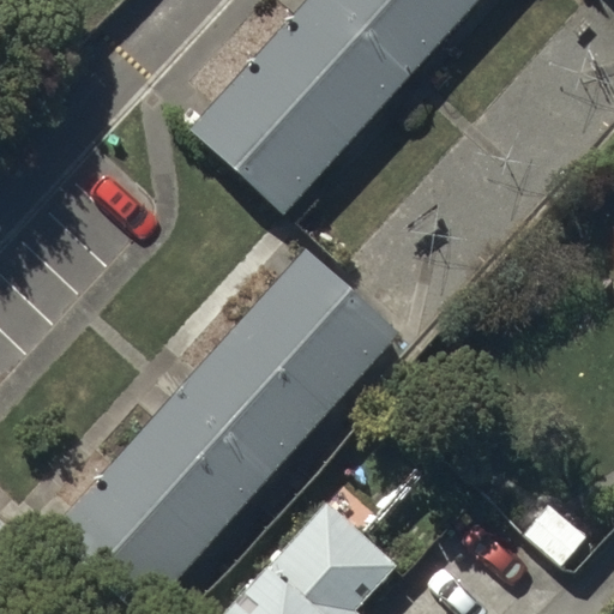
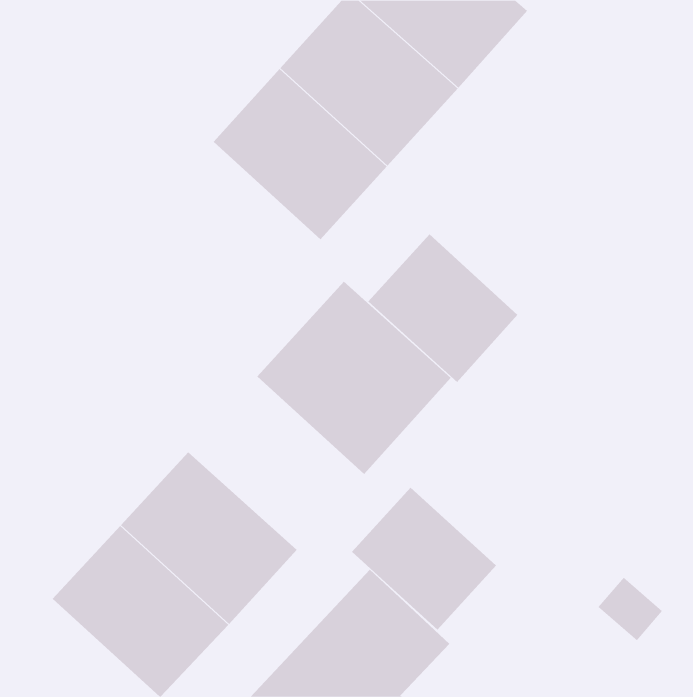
building: none -> [367,233,518,383]
building: [169,331,324,483] -> none
building: none -> [351,487,497,631]

